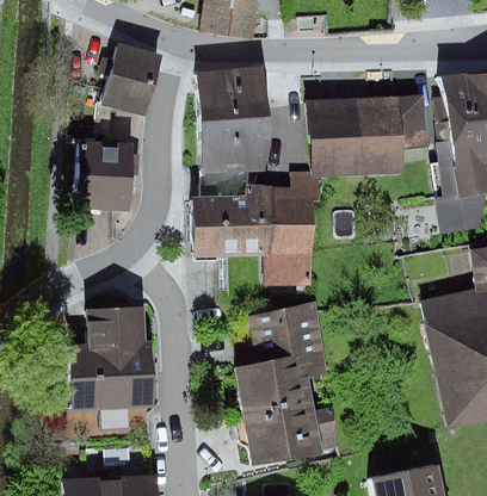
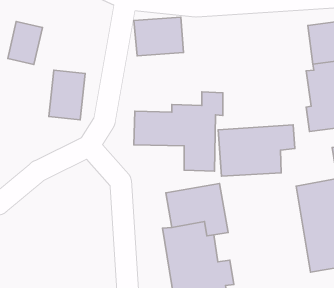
building: [101,52,150,113] -> [8,22,42,65]
building: [308,97,417,169] -> [218,125,295,176]
building: [199,117,269,173] -> none
building: [67,310,146,435] -> none

